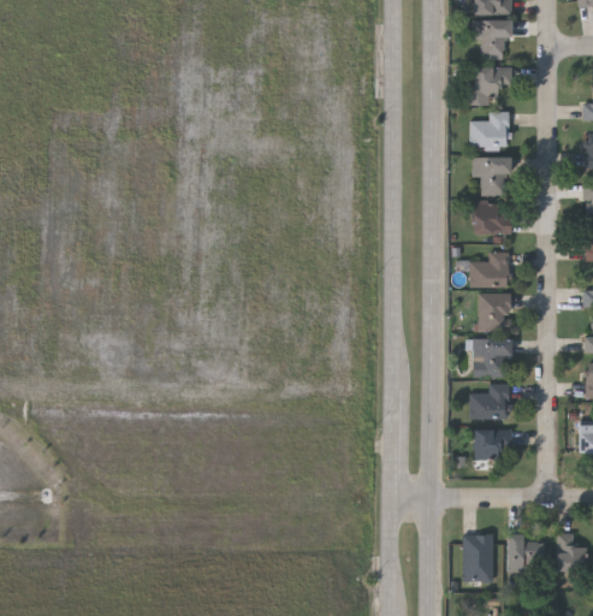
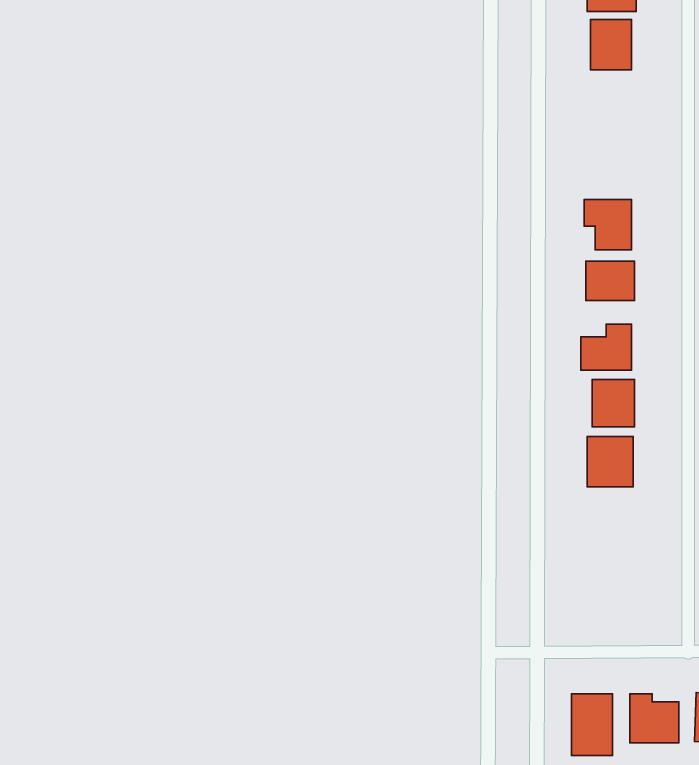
building: [470,66,509,105] -> none
building: [469,112,508,147] -> none
building: [469,384,510,420] -> none
building: [473,430,511,470] -> none

